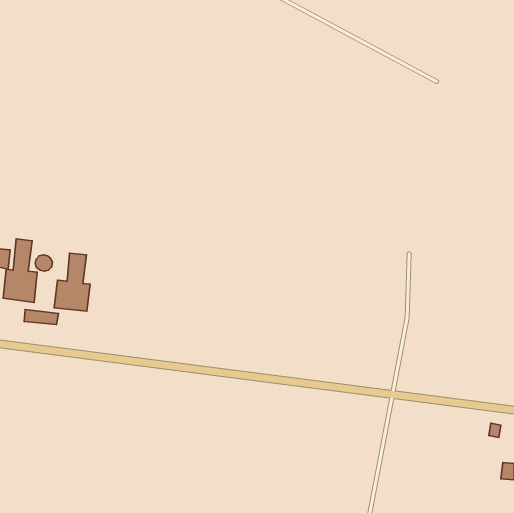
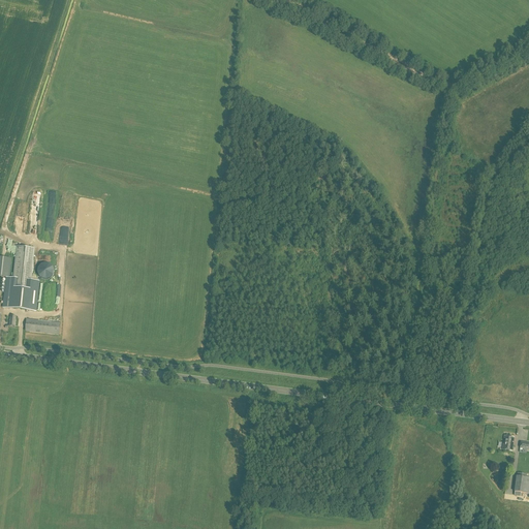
building: [54,253,90,311] -> none

